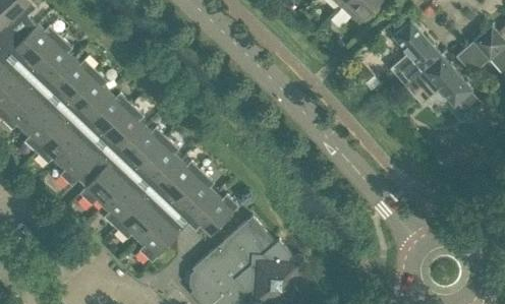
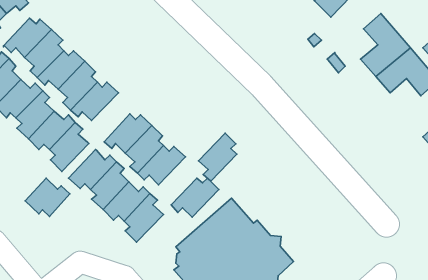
building: [103,105,144,157] -> none
building: [174,173,215,224] -> [198,133,237,181]
building: none -> [25,178,70,216]

